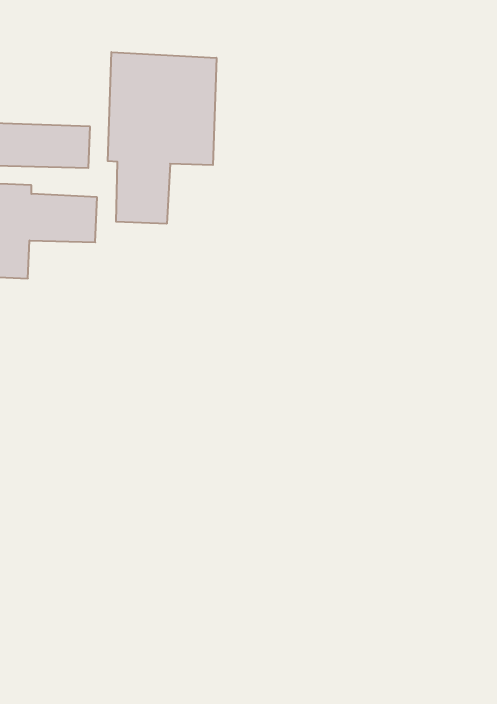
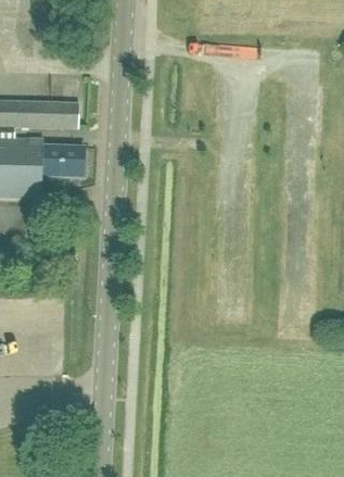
building: [108,52,216,224] -> none

